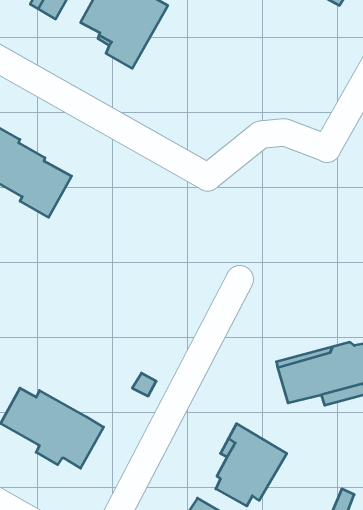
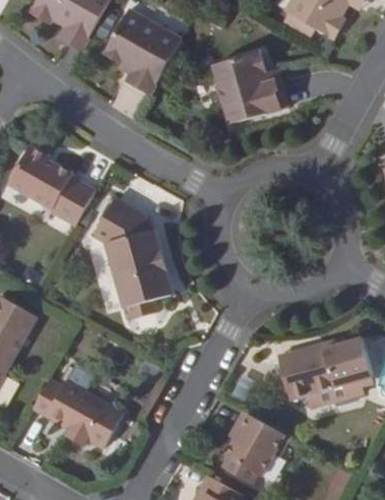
building: none -> [213,53,287,124]
building: none -> [92,197,175,321]

